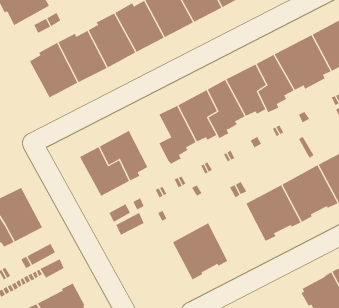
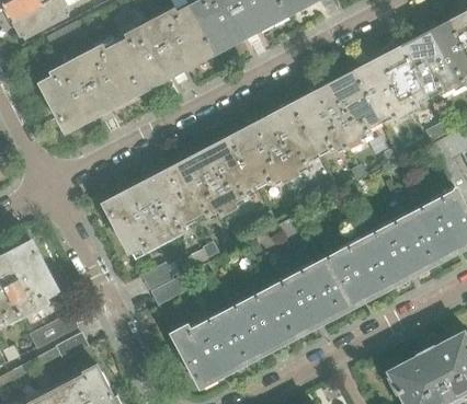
building: none -> [169,150,221,217]
building: none -> [270,263,342,336]
building: none -> [173,312,249,385]

